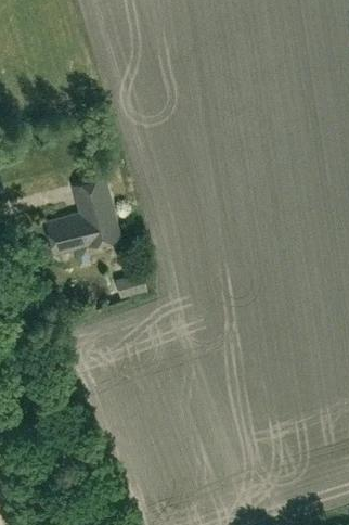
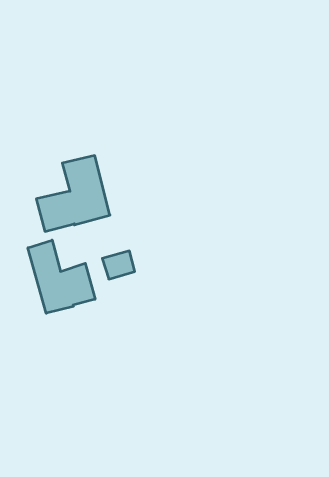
building: none -> [28,240,95,313]

